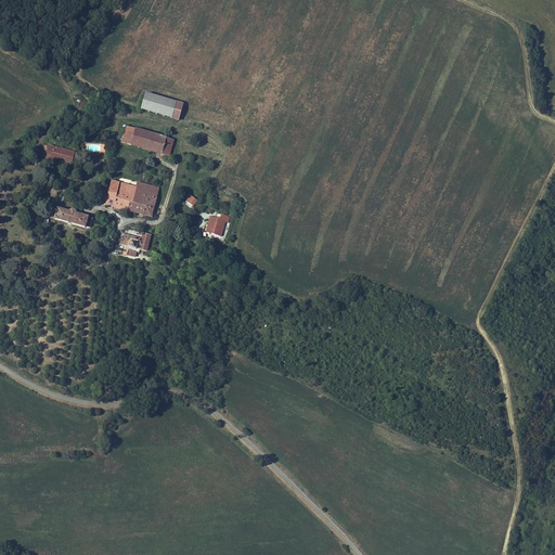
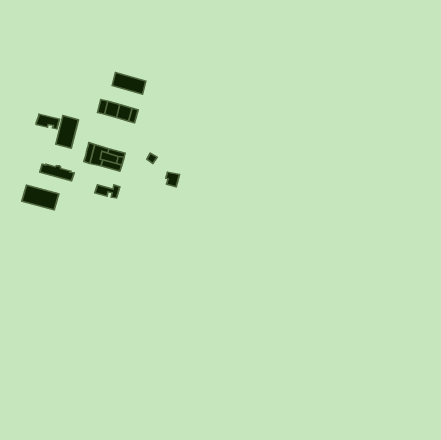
building: none -> [56,116,78,148]
building: none -> [22,185,59,210]

